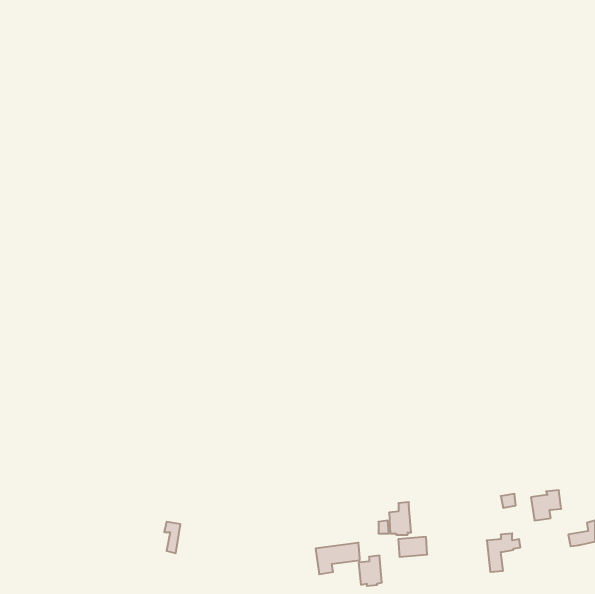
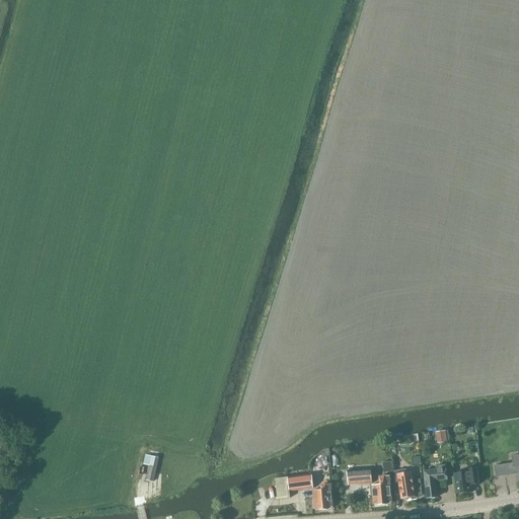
building: [531,490,561,520] -> [454,467,480,494]
building: [389,502,411,535] -> [372,475,391,504]
building: none -> [394,468,423,498]

